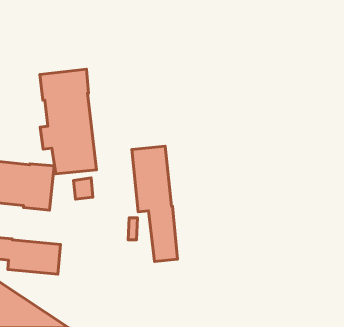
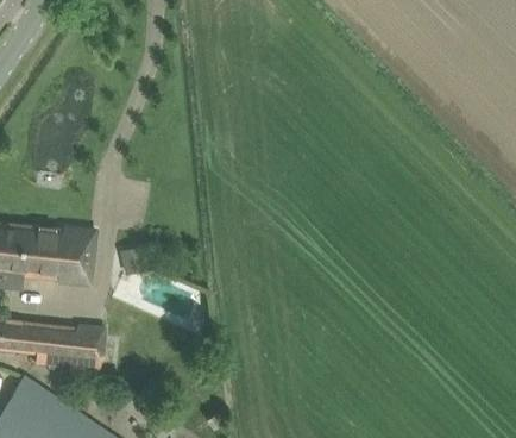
building: [40,69,97,174] -> none
building: [132,146,177,262] -> none

